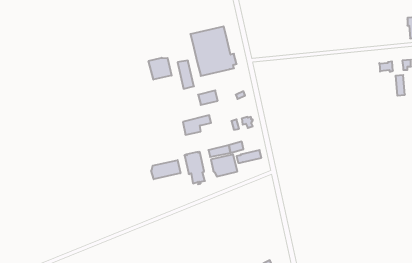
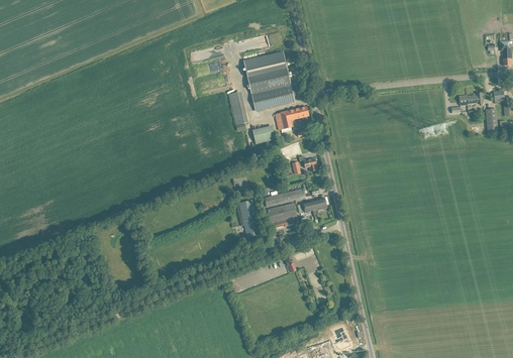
building: [149,58,172,80] -> none
building: [183,115,211,135] -> [275,106,308,129]
building: [151,160,180,179] -> none

